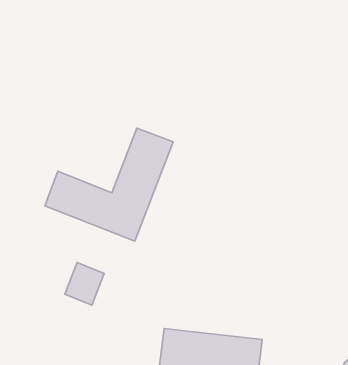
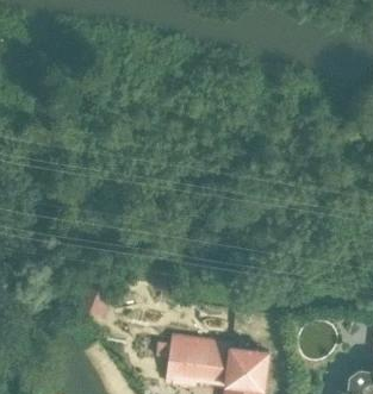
building: [45,128,173,241] -> none

